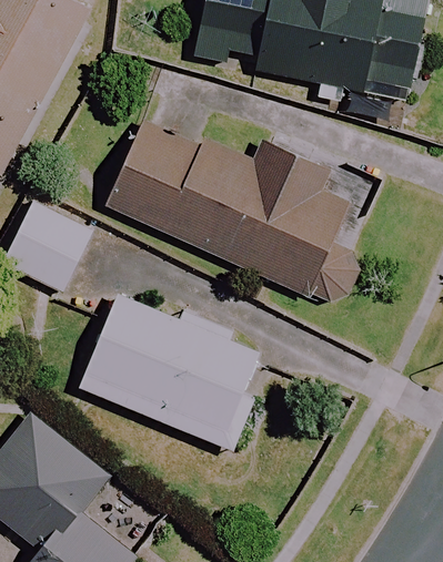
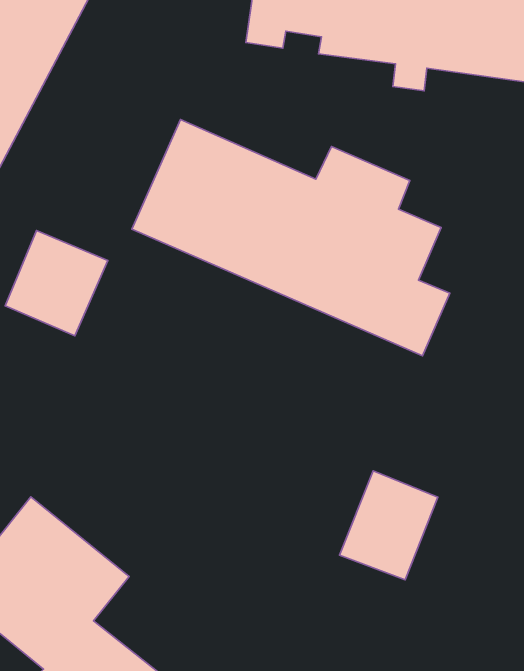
building: [80,296,270,449] -> none
building: none -> [340,471,438,580]

